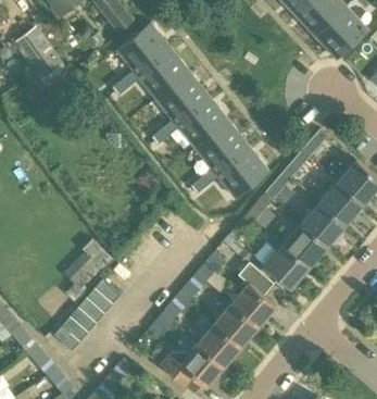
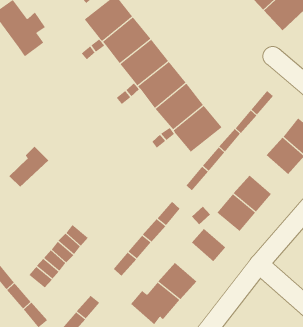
building: [301,202,344,246] -> none
building: [63,238,109,285] -> [8,146,49,188]
building: [217,300,261,344] -> none

